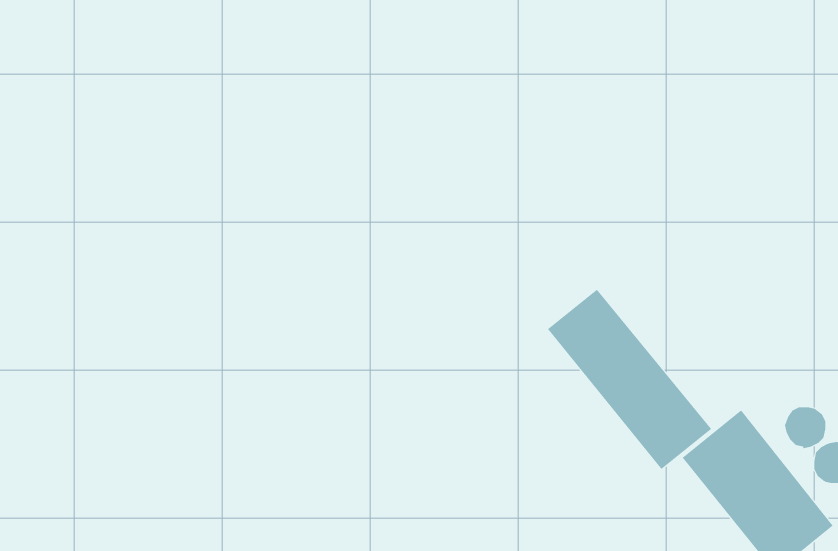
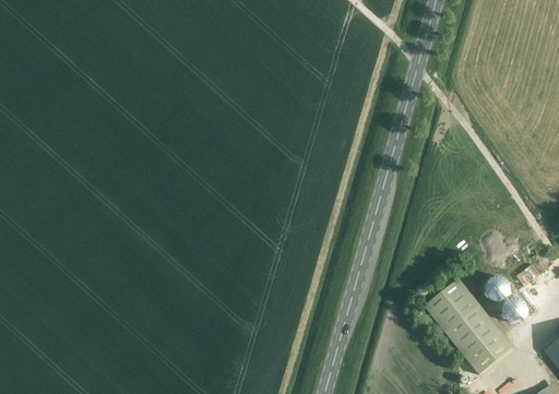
building: [547,289,711,470] -> none

